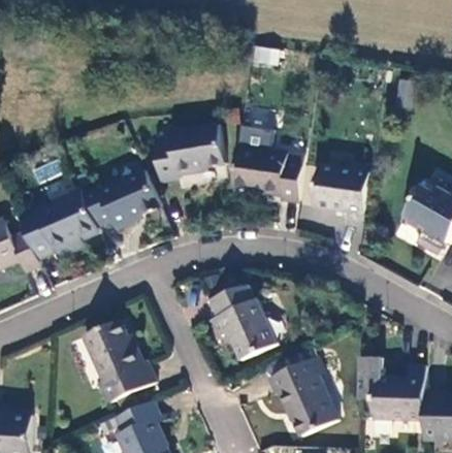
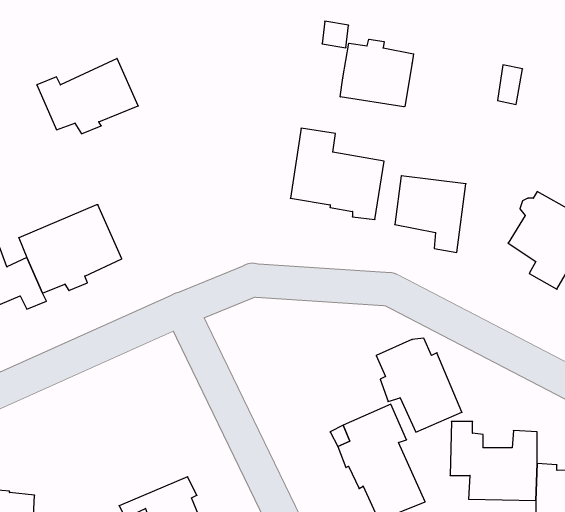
building: none -> [340,39,414,107]
building: [155,125,225,182] -> none
building: [82,168,161,227] -> [37,58,138,134]
building: [209,286,277,359] -> [376,338,462,432]
building: [82,321,153,403] -> none

